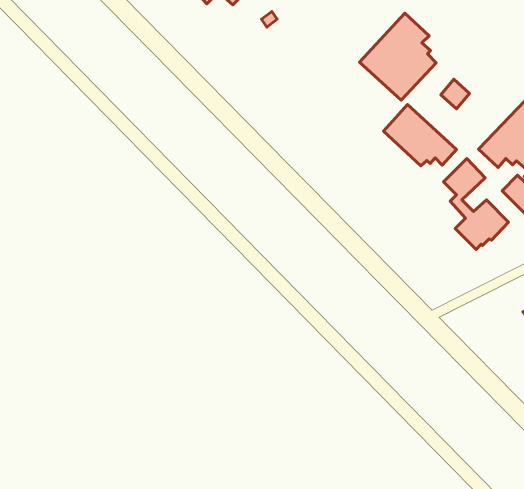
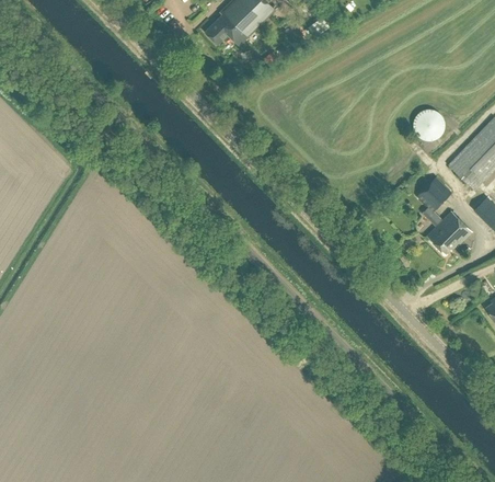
building: [360,13,436,100] -> none
building: [383,105,457,166] -> none

